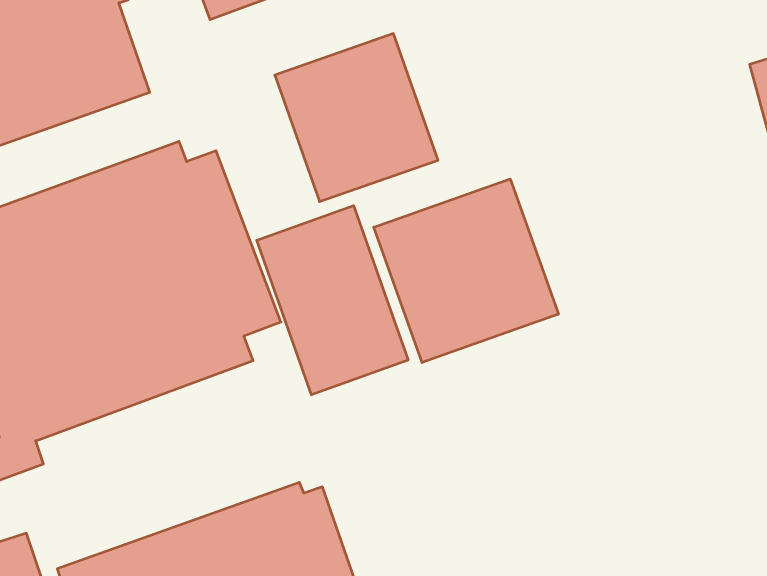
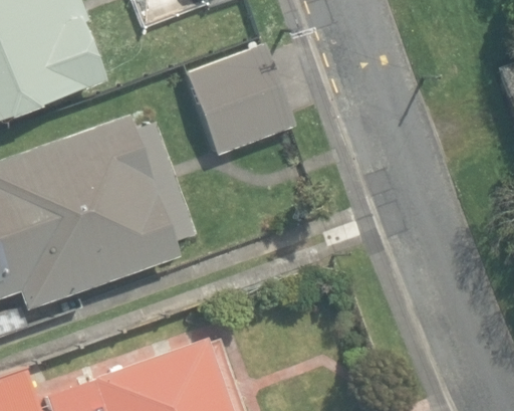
building: [374,179,558,363] -> none
building: [257,206,408,395] -> none

